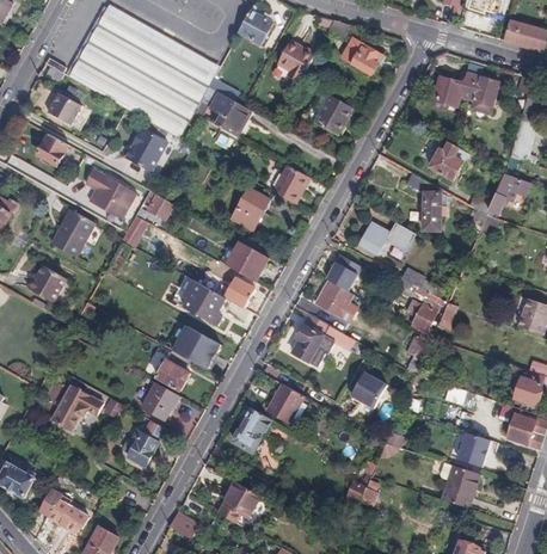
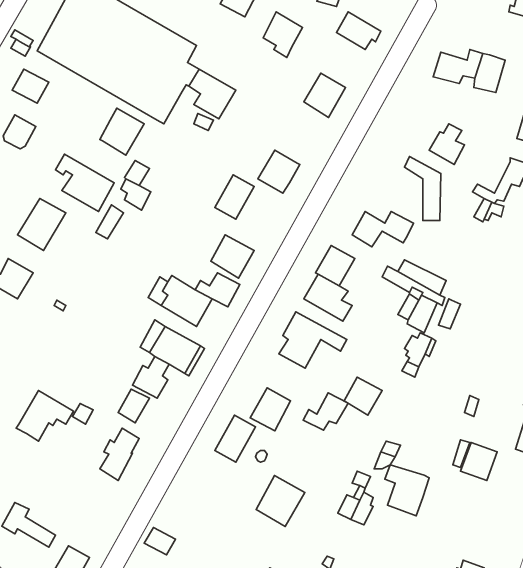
building: none -> [303,393,348,430]
building: [440,462,480,509] -> [385,465,429,516]
building: [213,478,257,524] -> [256,476,305,527]

